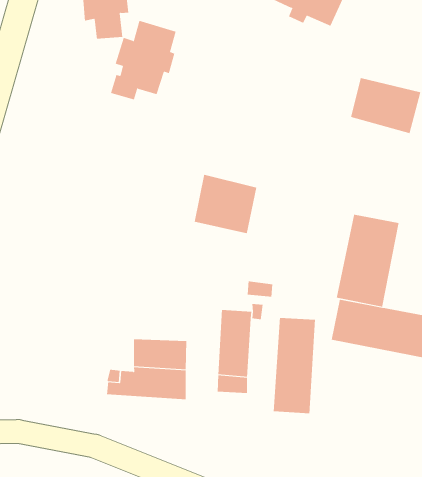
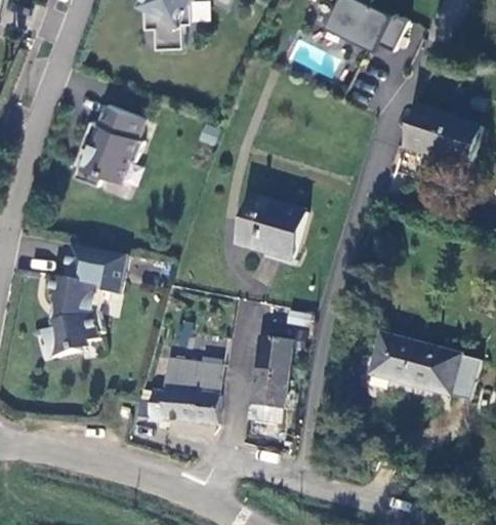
building: [110,20,177,100] -> [71,103,143,185]
building: [336,214,399,307] -> none
building: none -> [44,242,126,357]
building: [273,317,315,414] -> none

